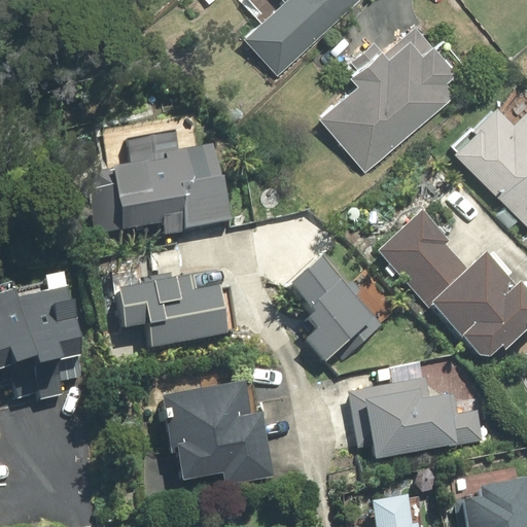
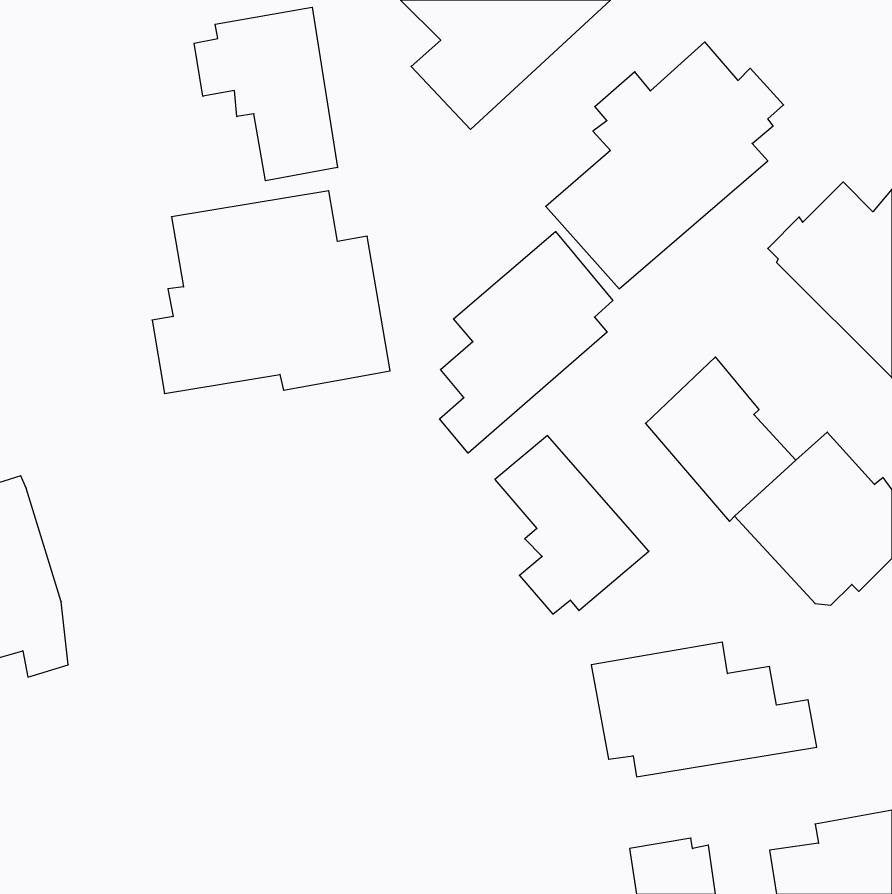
building: none -> [194,7,338,181]
building: none -> [440,232,613,453]
building: [15,271,81,398] -> none
building: [118,277,235,345] -> none
building: [162,382,274,485] -> none

